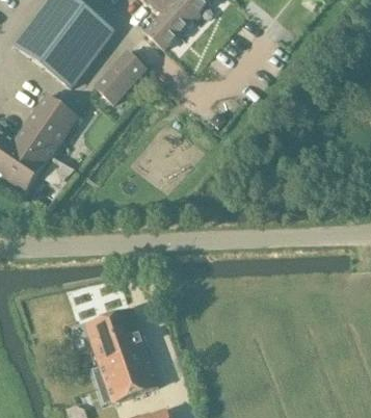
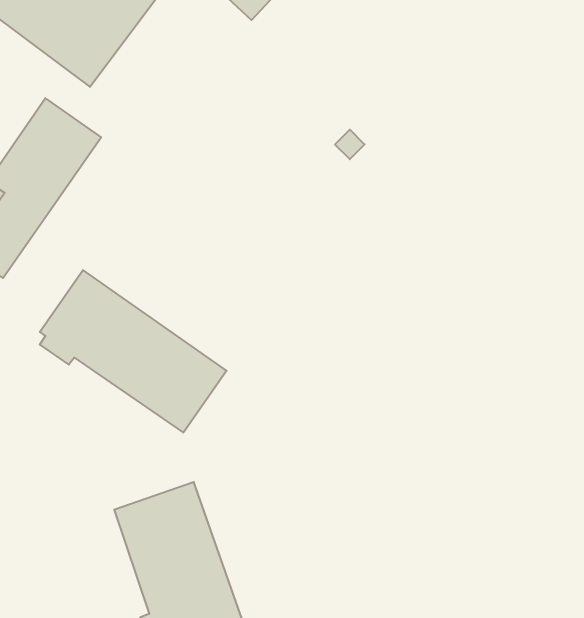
building: [92,50,147,105] -> none
building: none -> [40,270,227,433]

